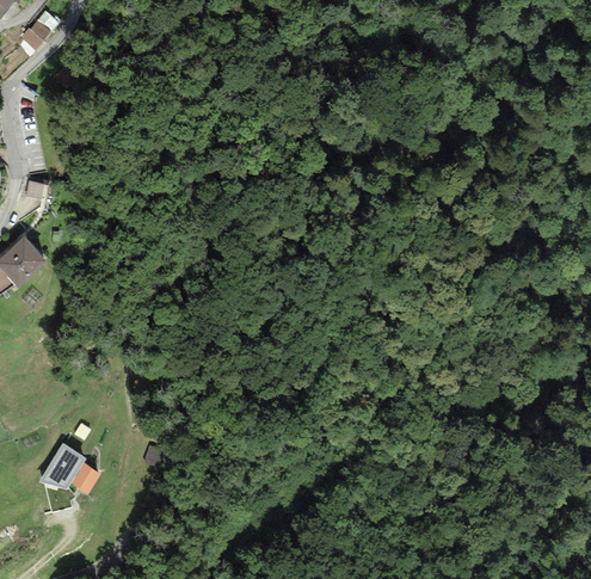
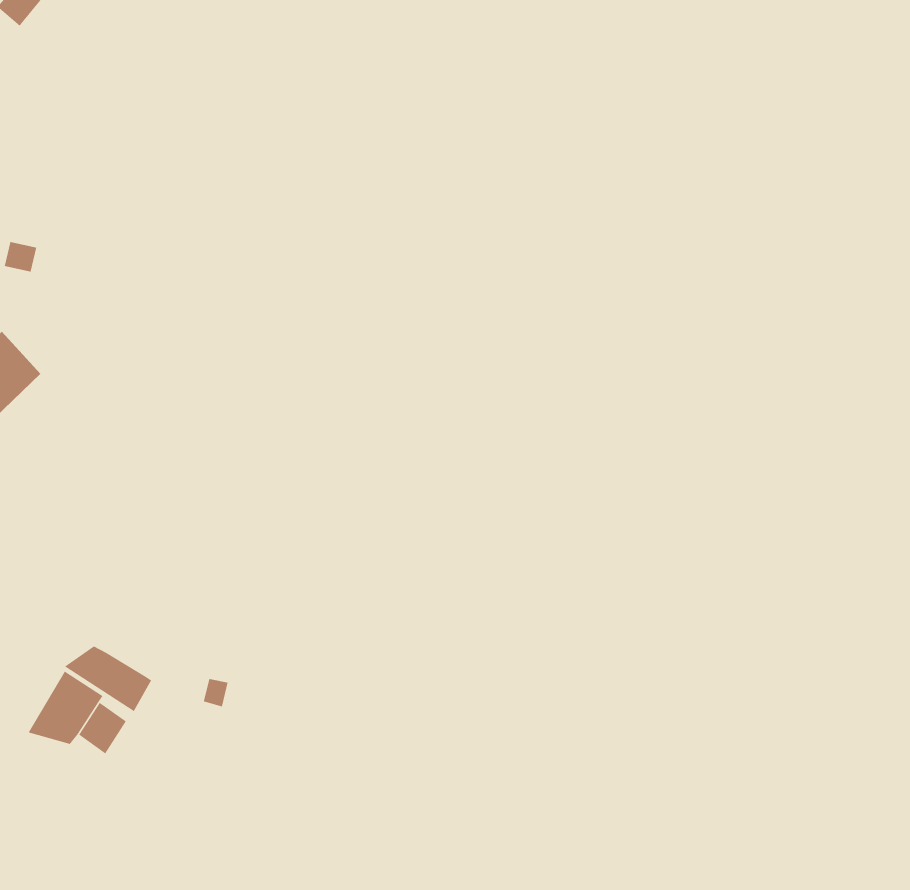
building: none -> [64,646,152,712]

